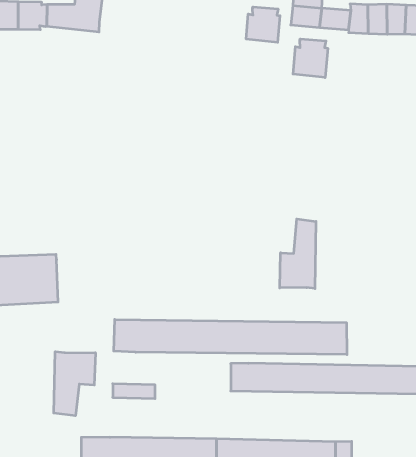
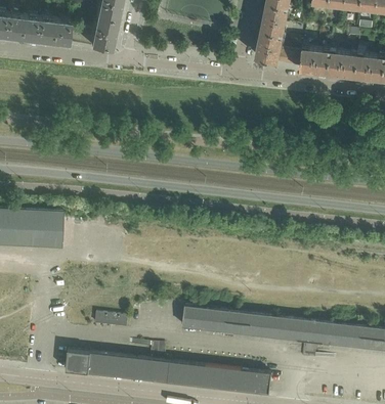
building: [246,7,280,42] -> none
building: [293,39,328,78] -> none
building: [280,219,316,289] -> none
building: [114,319,347,355] -> none
building: [54,352,95,416] -> none

